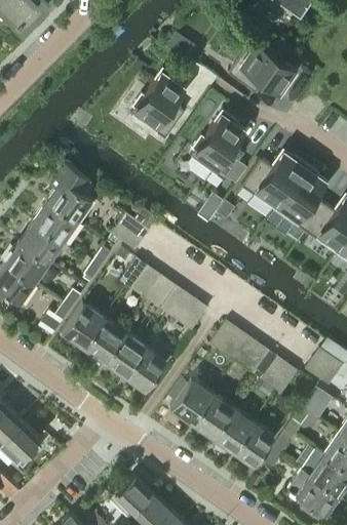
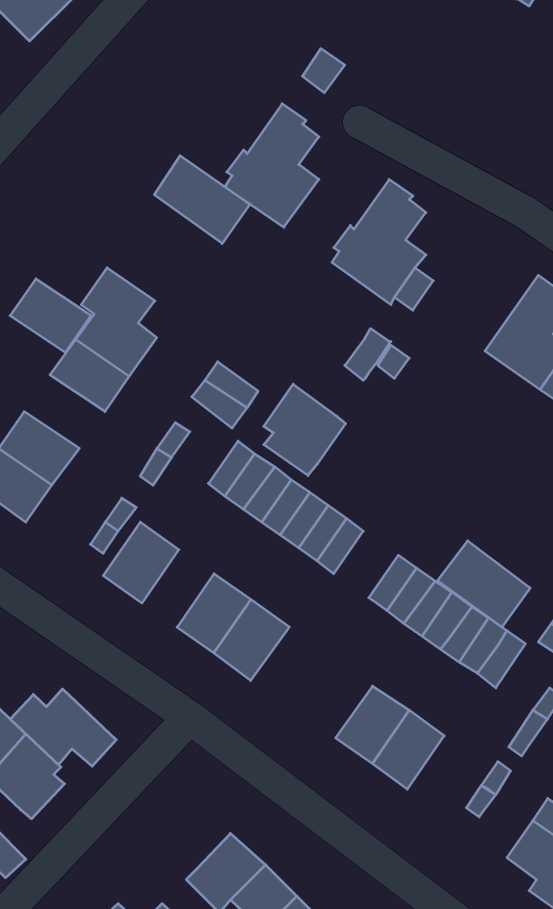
building: [227,40,297,92] -> none
building: none -> [154,156,250,244]
building: [243,153,305,207] -> none
building: [18,220,64,261] -> [10,279,91,352]
building: none -> [264,384,346,476]
building: none -> [438,541,530,627]
building: [84,318,124,361] -> none
building: [170,378,213,422] -> none
building: none -> [10,689,116,766]
building: [232,421,274,466] -> none

